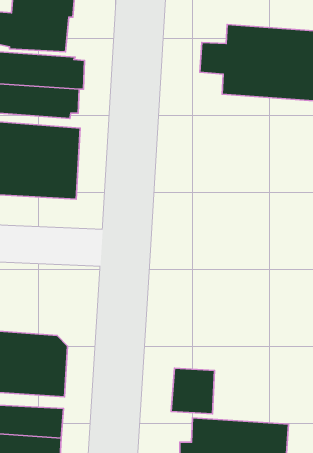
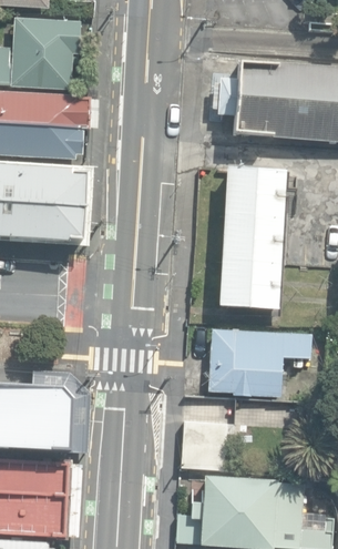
building: none -> [218,167,286,309]
building: none -> [206,325,310,393]

